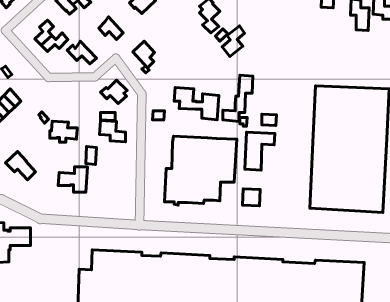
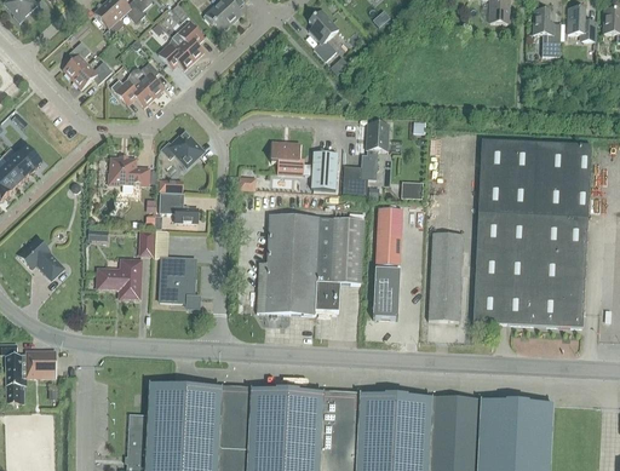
building: [222,26,245,56] -> none
building: none -> [130,62,163,98]
building: [133,41,155,68] -> [172,21,205,61]
building: [50,121,77,142] -> [108,159,149,190]
building: none -> [427,232,463,321]
building: none -> [159,258,195,303]
building: none -> [373,269,398,294]

